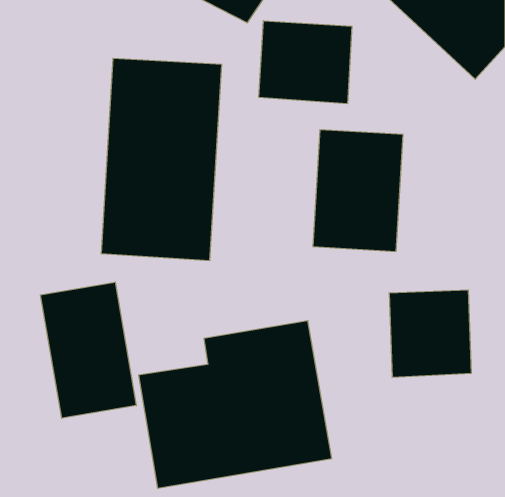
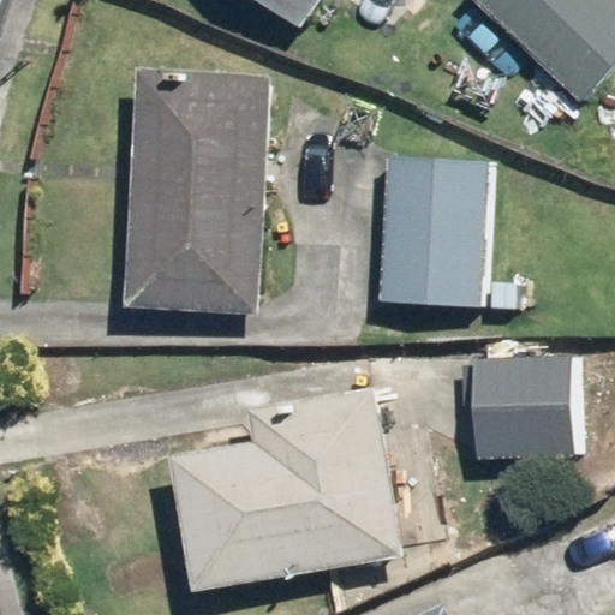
building: [259,21,352,104] -> none
building: [41,282,136,418] -> none

